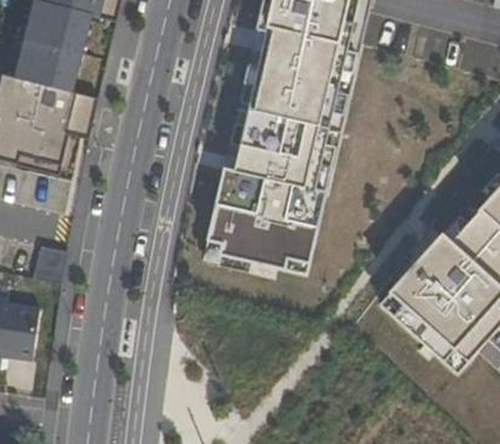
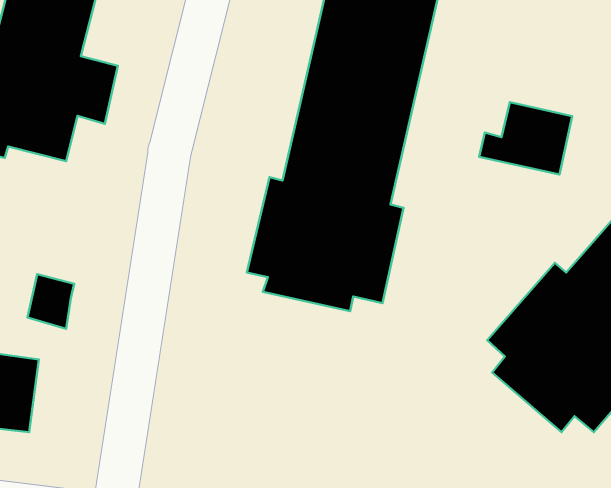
building: none -> [479,102,572,174]

